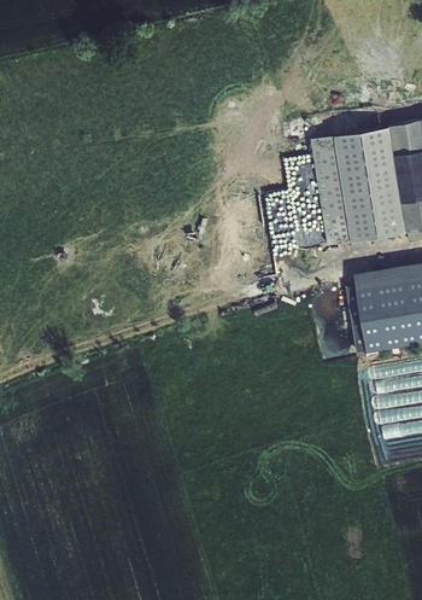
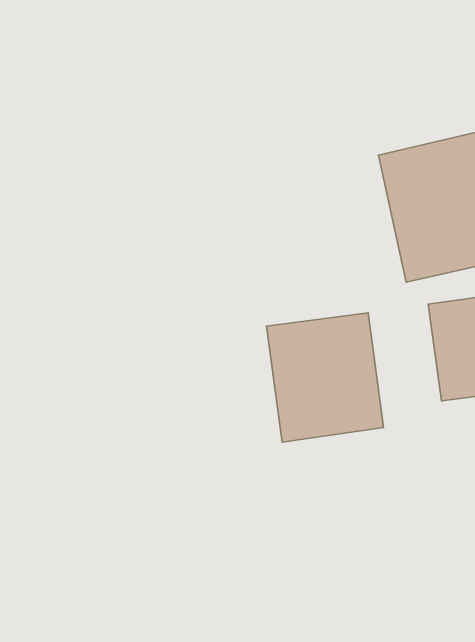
building: none -> [266,313,384,442]

